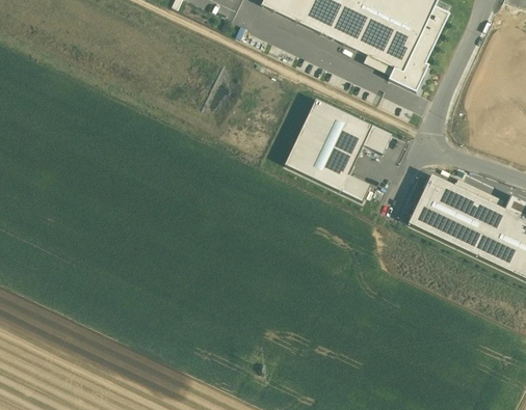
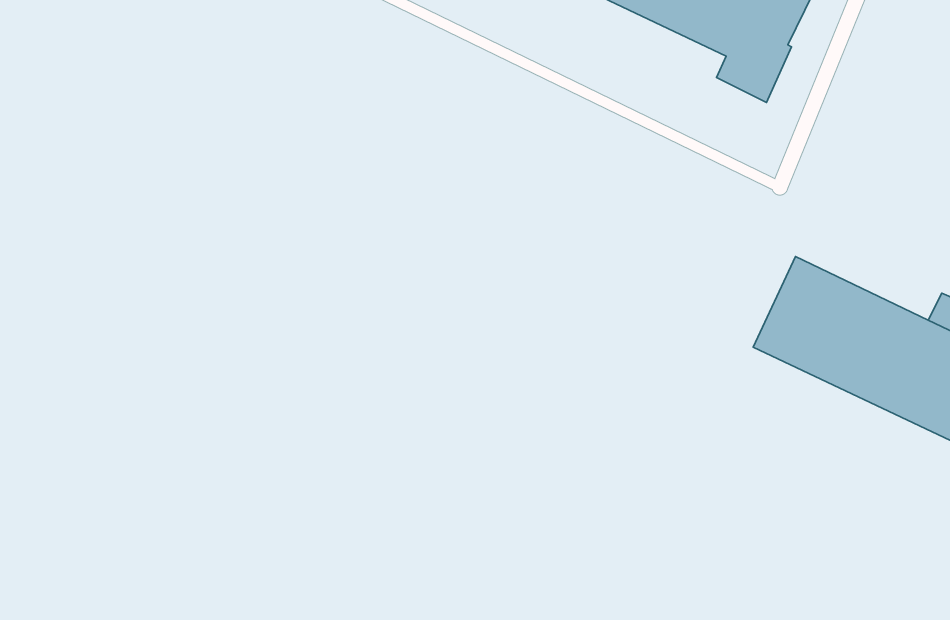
building: [285,99,391,200] -> none

